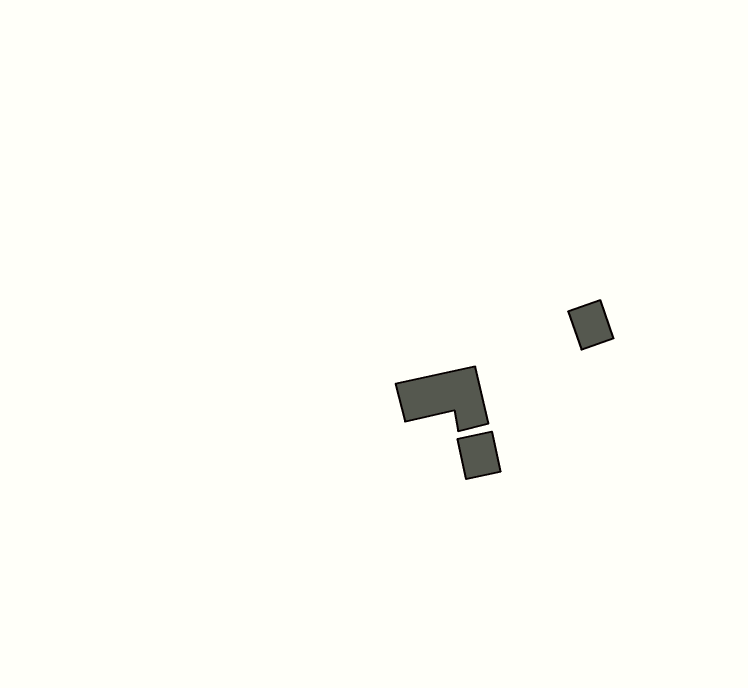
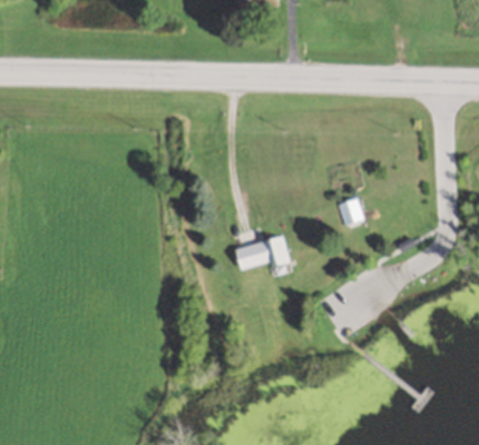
building: [458,432,500,479] -> none

